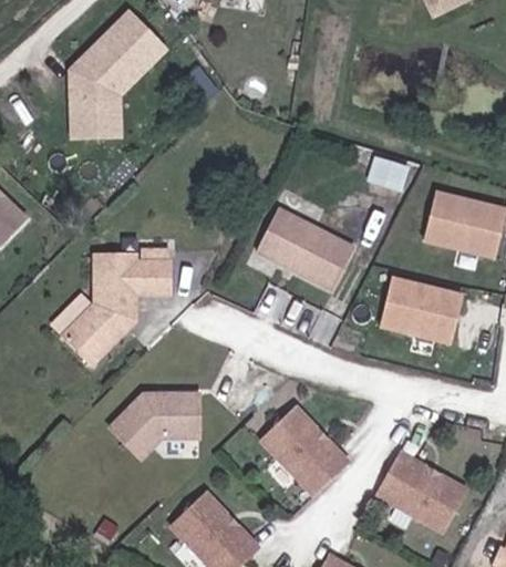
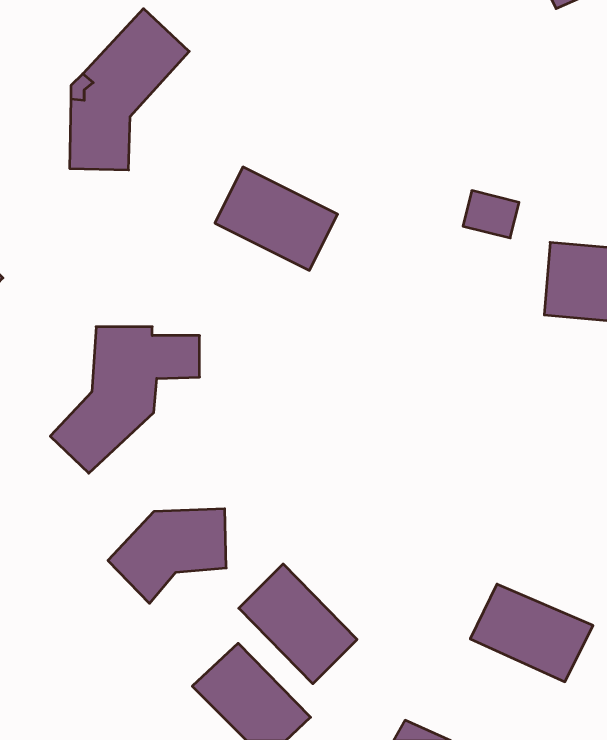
building: [257,210,349,288] -> [215,167,338,270]
building: [384,271,471,346] -> none
building: [256,405,344,495] -> [239,564,357,684]

